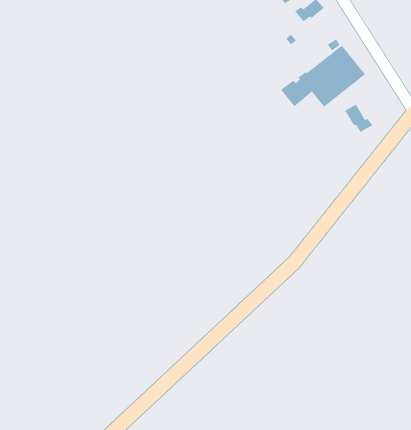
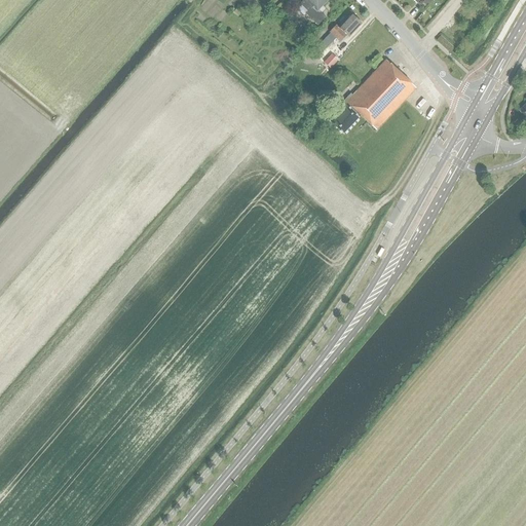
building: [345,104,373,133] -> none

